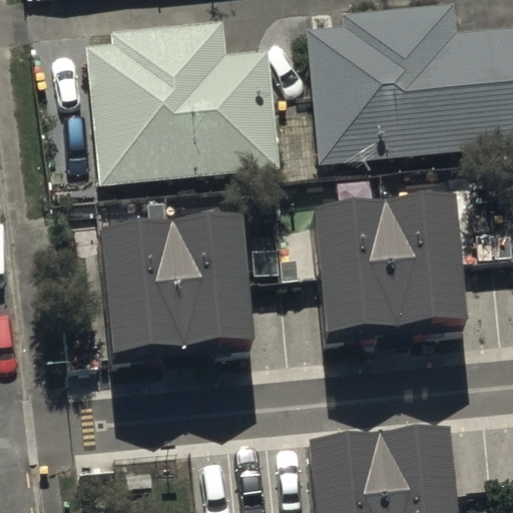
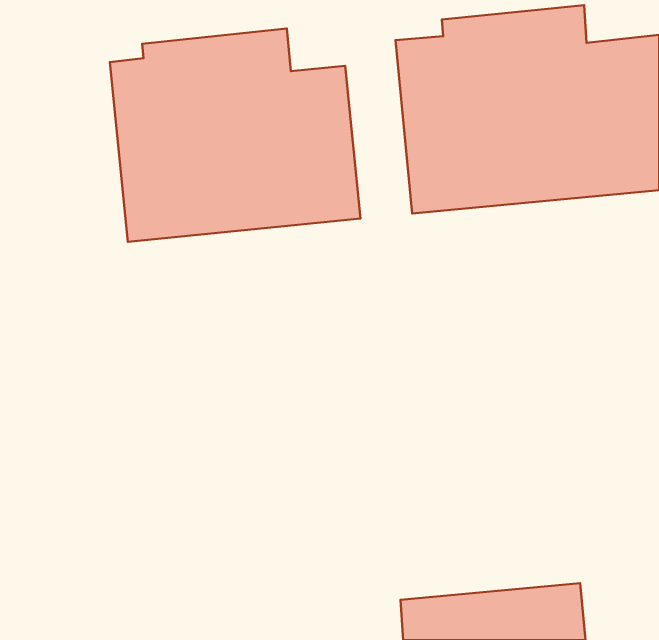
building: [317,217,469,360] -> none
building: [104,239,256,379] -> none

